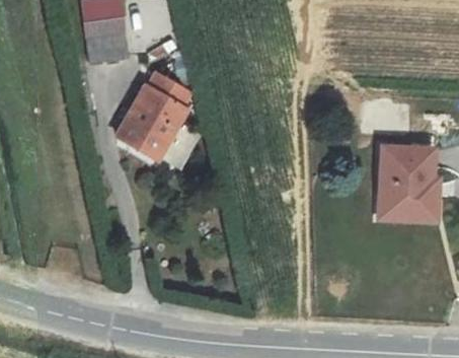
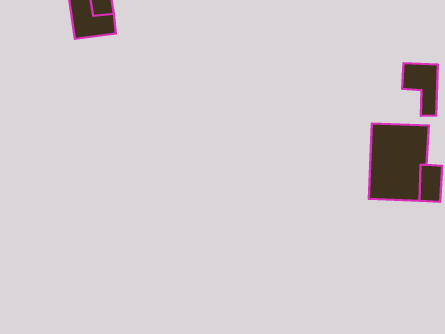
building: [116,84,182,156] -> none
building: none -> [402,63,438,116]

